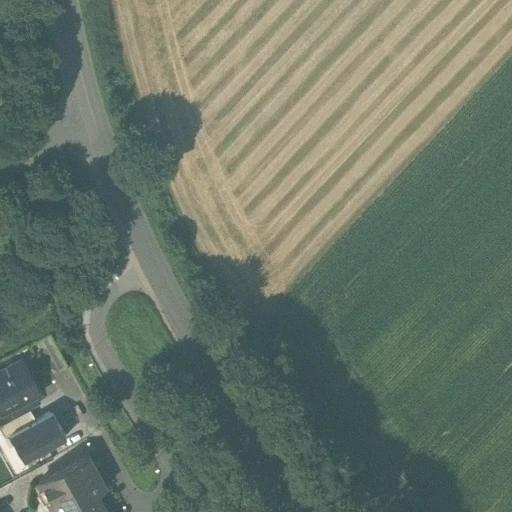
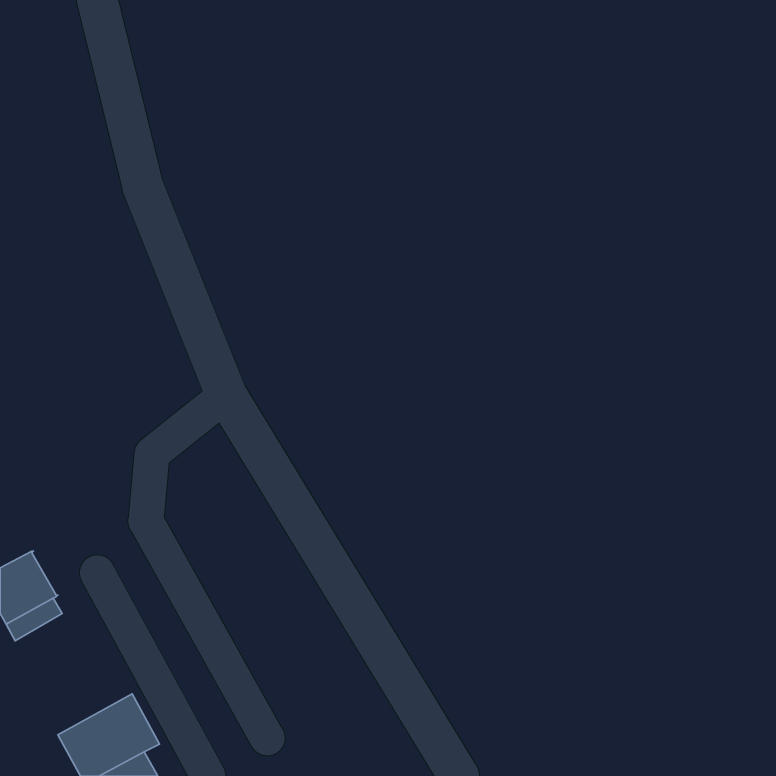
building: [9,412,66,462] -> none

